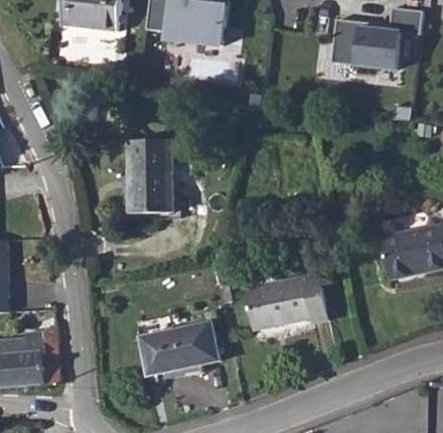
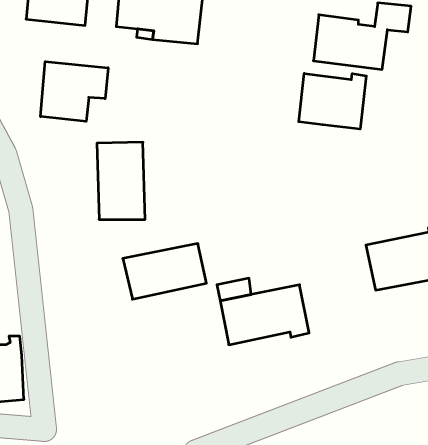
building: none -> [41,62,108,121]
building: none -> [299,73,366,129]
building: [140,322,218,375] -> [123,244,206,299]

